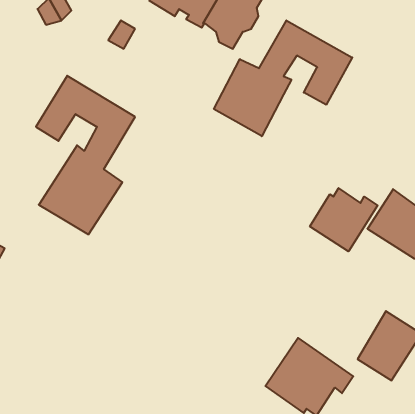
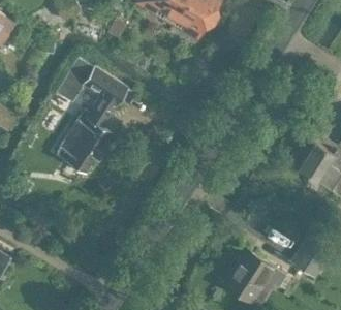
building: [214,20,352,136] -> none
building: [310,188,378,251] -> none

